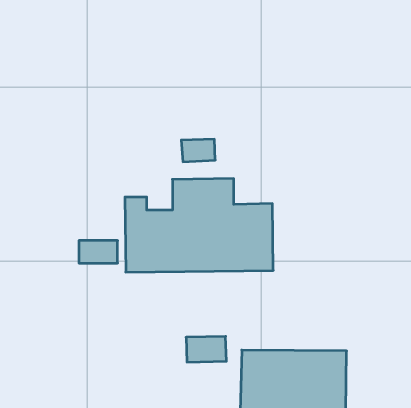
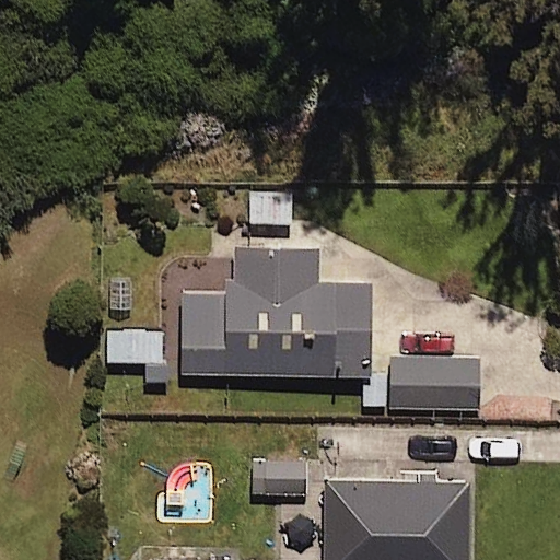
building: none -> [360,360,479,409]

